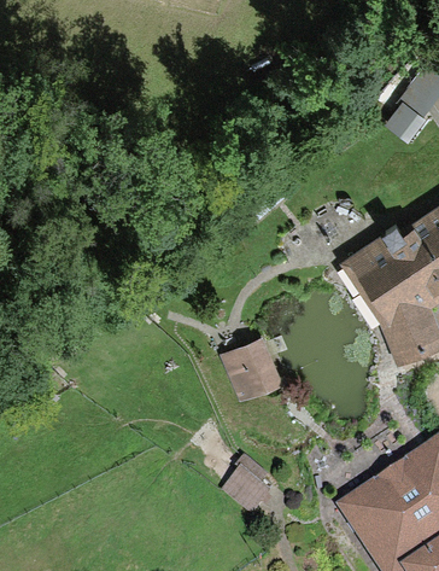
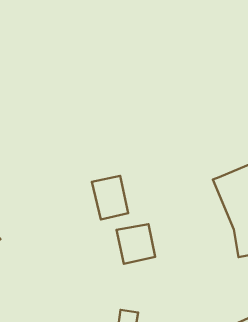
building: none -> [92,176,128,220]

